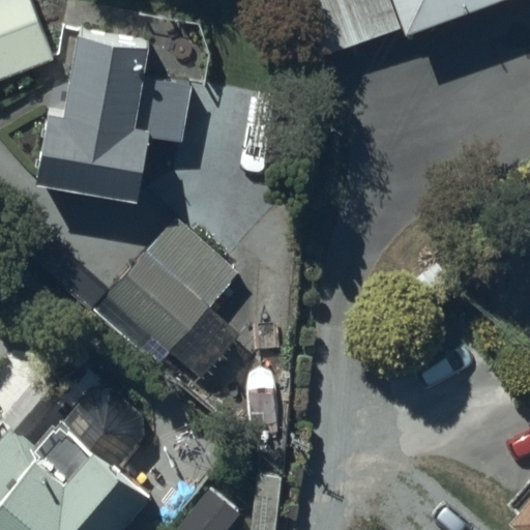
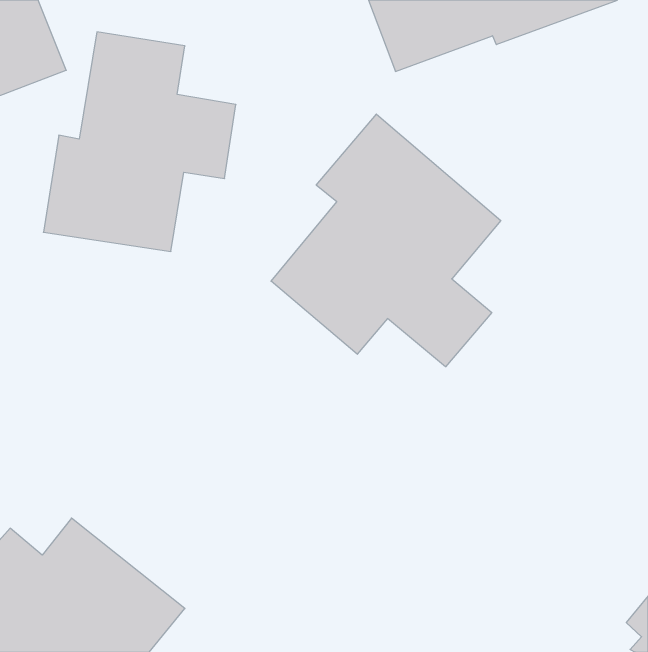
building: none -> [271,114,501,367]
building: [105,218,235,357] -> none

